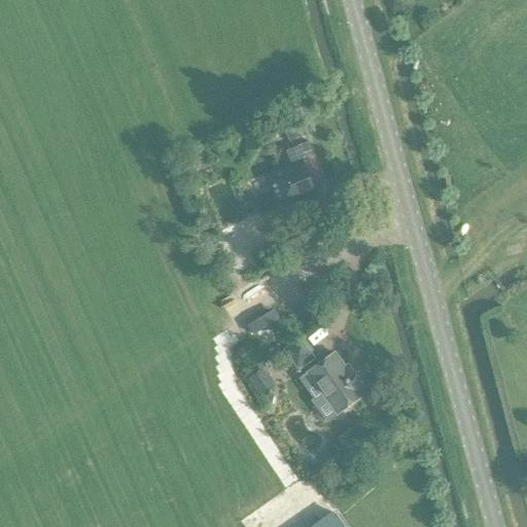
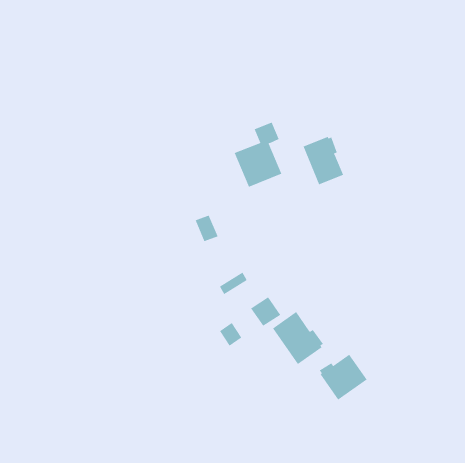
building: none -> [303,136,344,185]
building: none -> [319,354,367,401]

